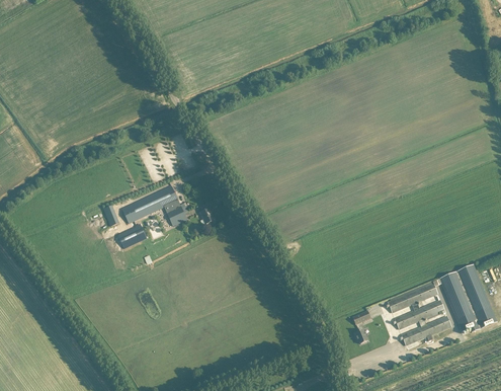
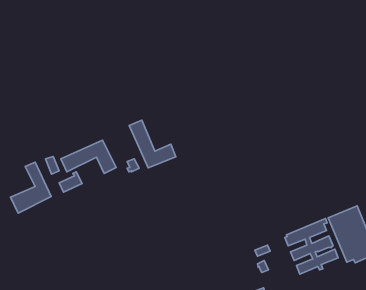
building: none -> [129,120,176,168]
building: none -> [11,162,51,213]

